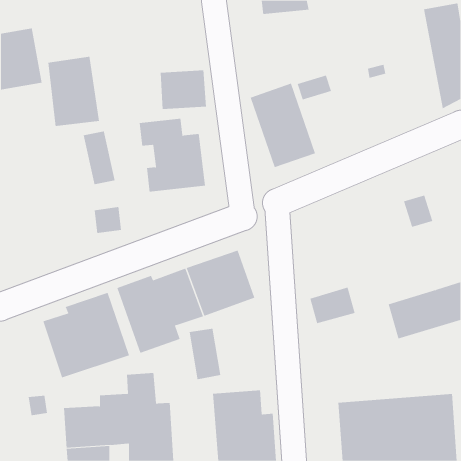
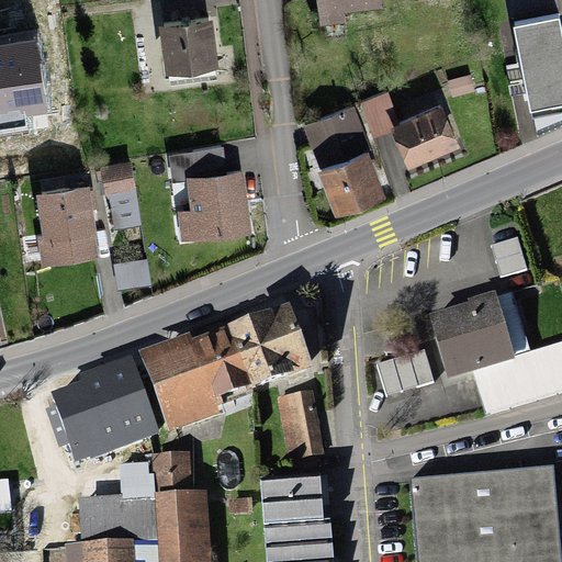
building: [48,56,100,127] -> [35,173,99,259]
building: [160,70,207,109] -> [161,24,218,72]
building: none -> [389,108,457,167]
building: none -> [429,291,530,376]
building: [189,328,221,380] -> [279,398,318,461]

